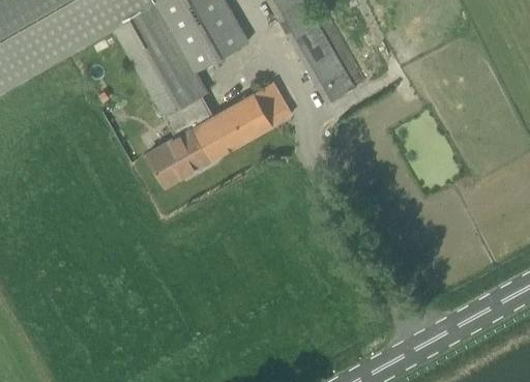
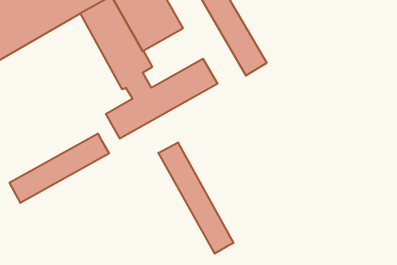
building: none -> [10,134,109,203]
building: none -> [158,142,233,254]

